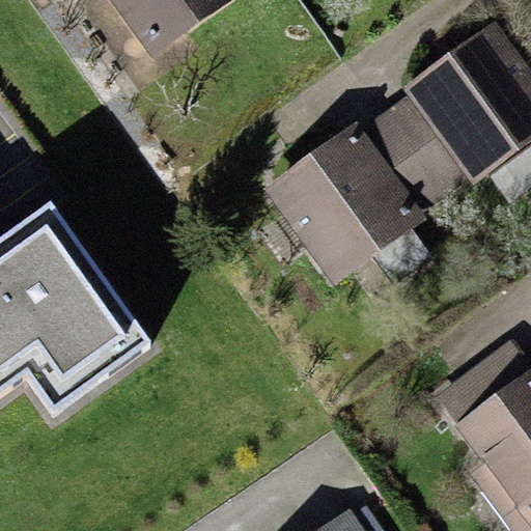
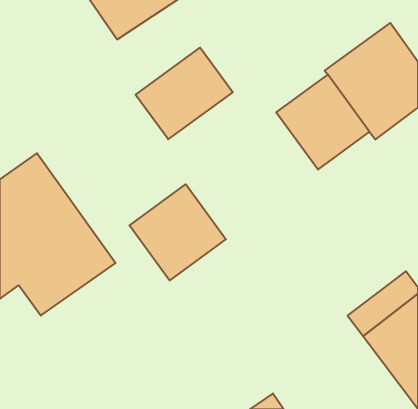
building: none -> [136,48,233,139]
building: [269,137,411,282] -> none
building: none -> [129,184,226,280]

